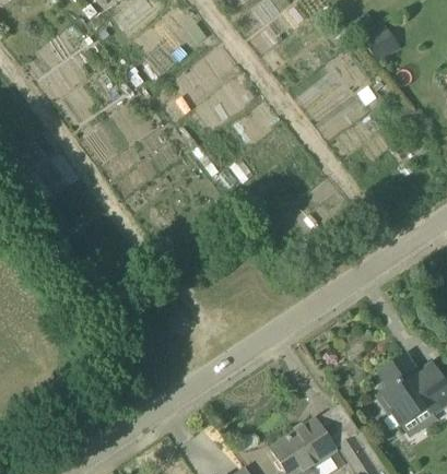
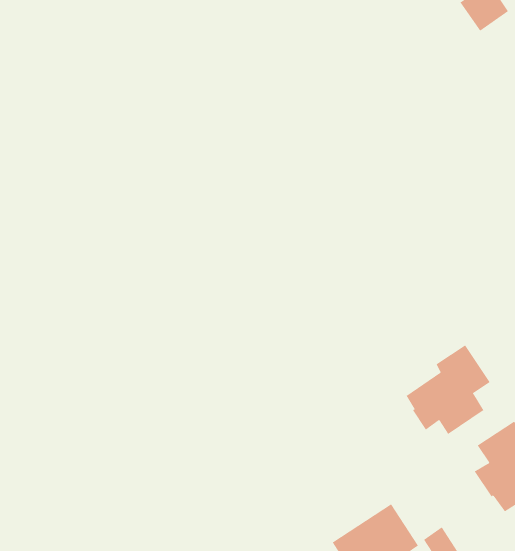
building: none -> [406,345,490,435]

